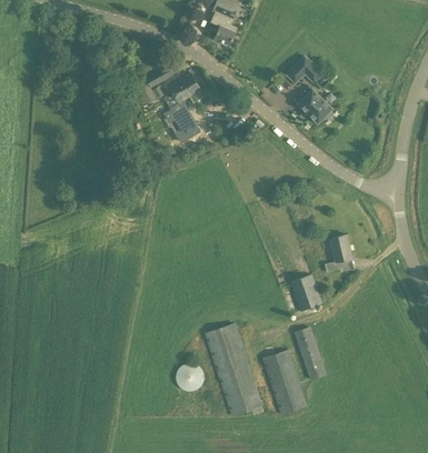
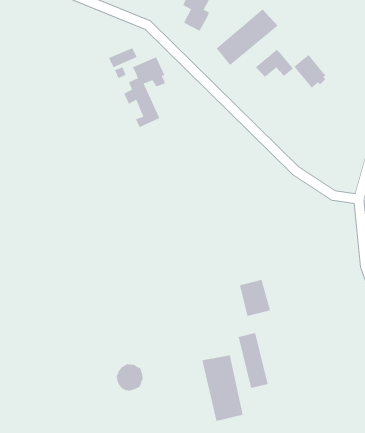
building: none -> [216,8,278,66]
building: [298,90,330,122] -> [293,54,327,88]
building: [324,235,352,271] -> none
building: [202,322,260,414] -> none

